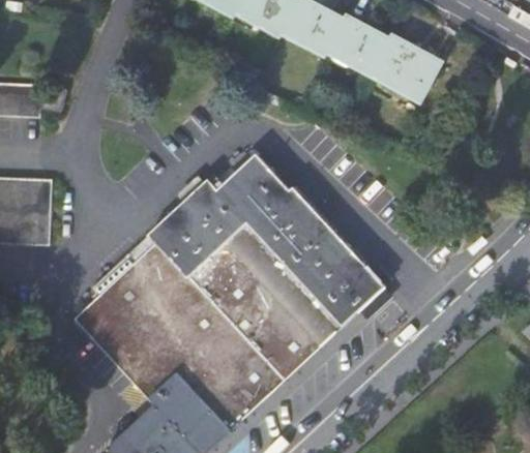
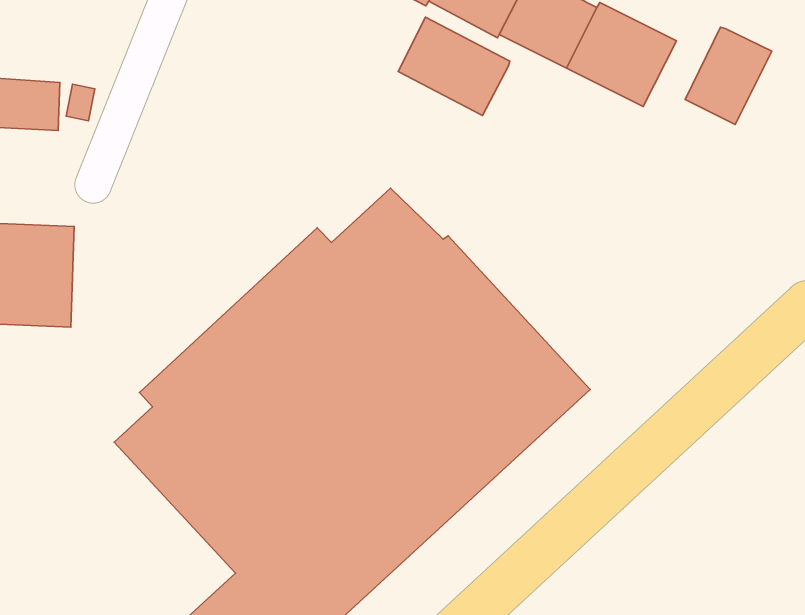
building: none -> [398,17,510,115]
building: none -> [685,27,772,124]

